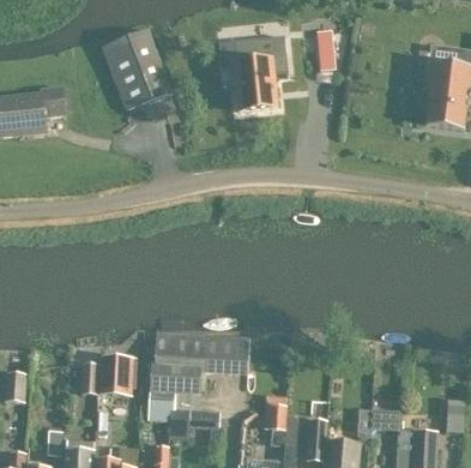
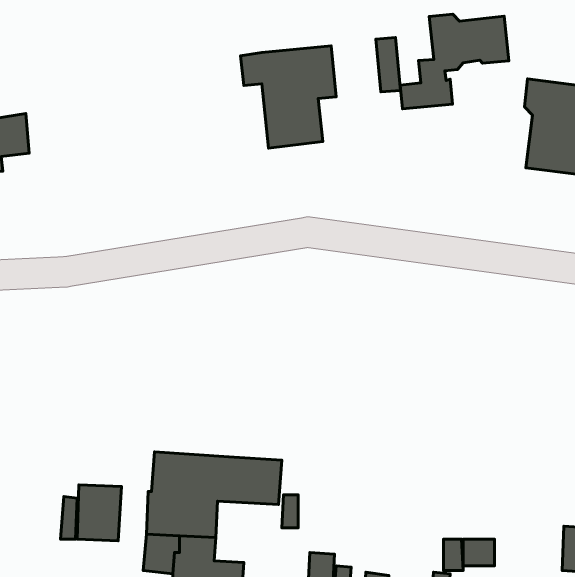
building: none -> [400,14,509,109]
building: [101,28,170,108] -> none

